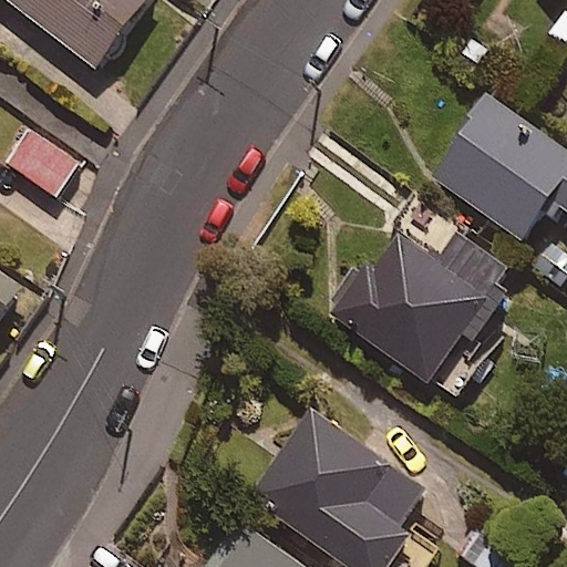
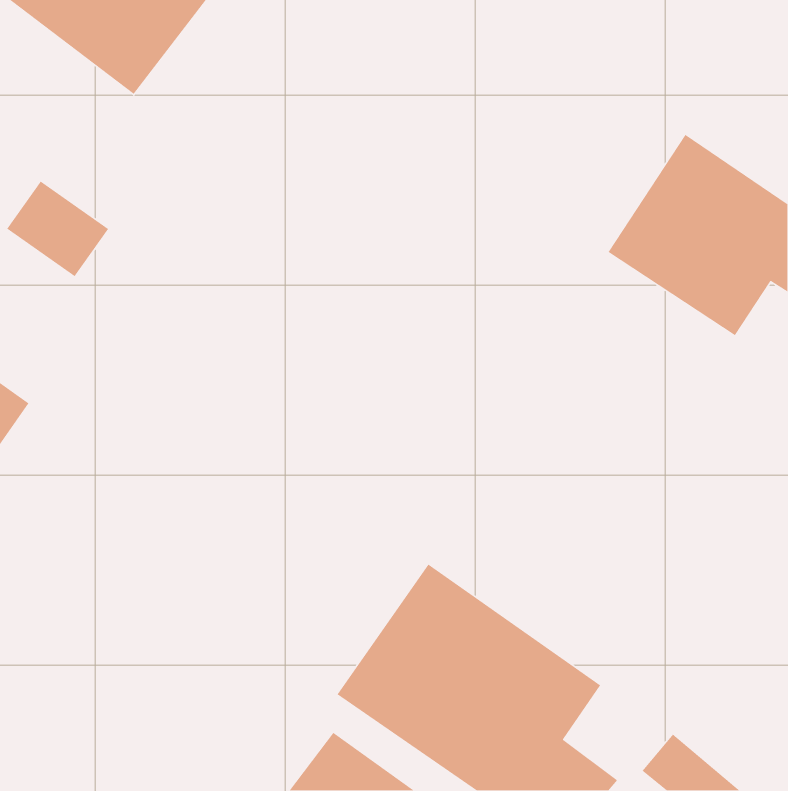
building: [332,228,516,400] -> none

